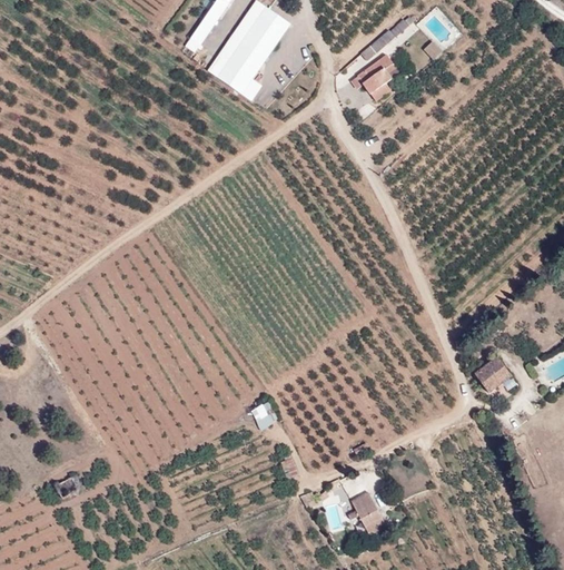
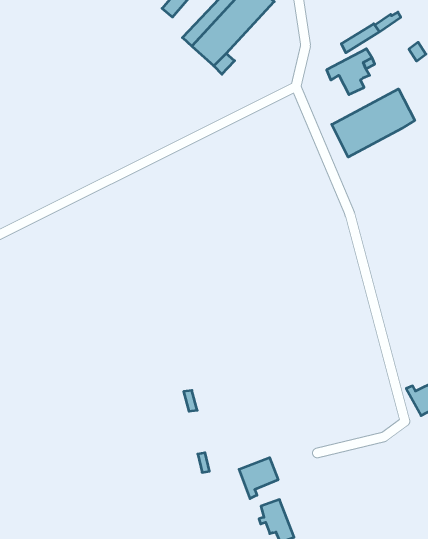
building: none -> [332,89,415,157]
building: none -> [239,458,278,499]

